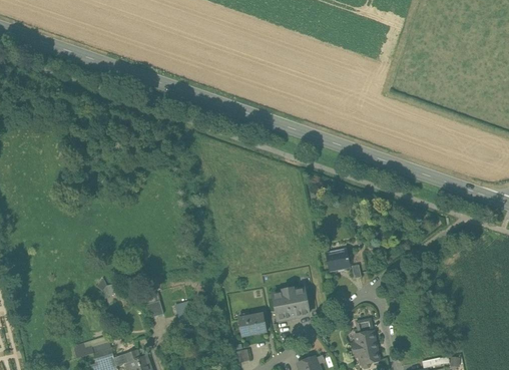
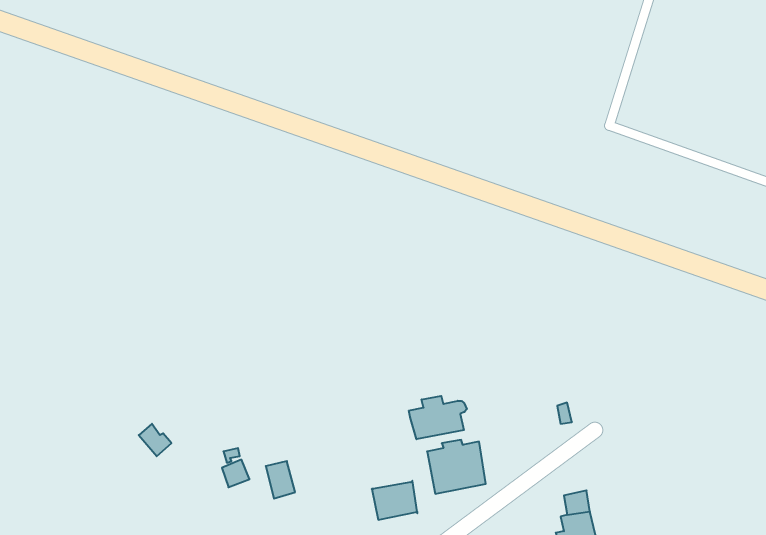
building: [325,249,350,271] -> none
building: none -> [409,396,467,439]

